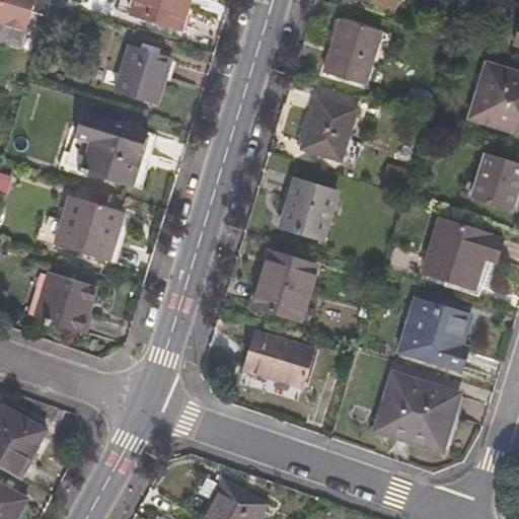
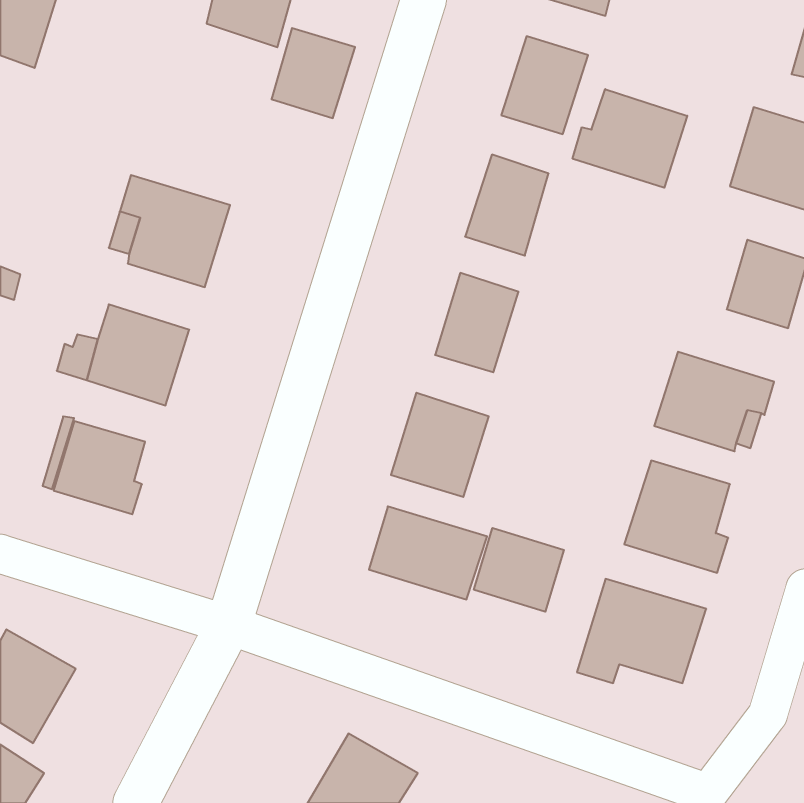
building: [117,47,170,104] -> [271,28,355,118]
building: none -> [573,89,687,188]
building: none -> [474,528,564,612]

